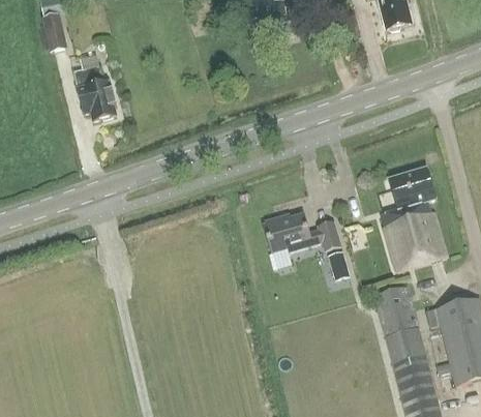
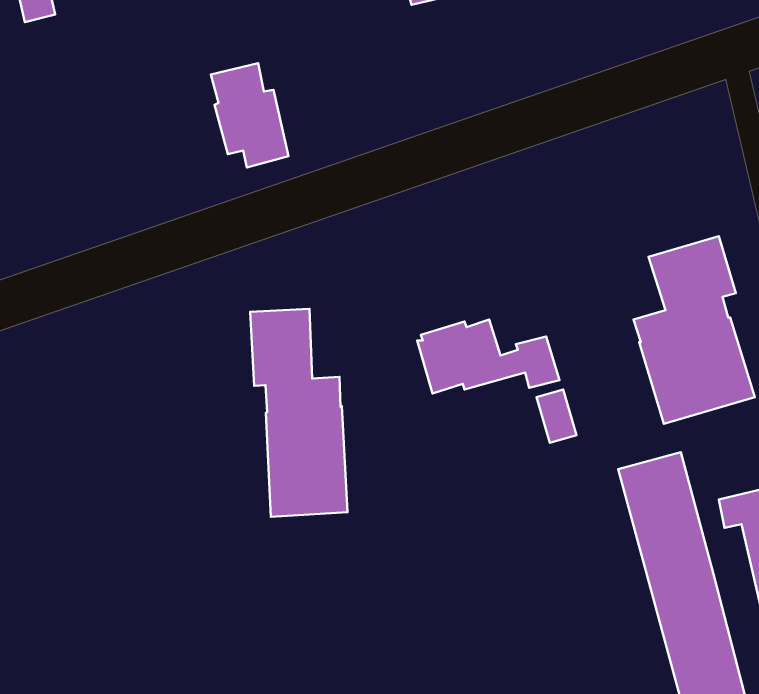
building: [74,63,117,120] -> [211,63,289,167]
building: none -> [250,309,347,517]

